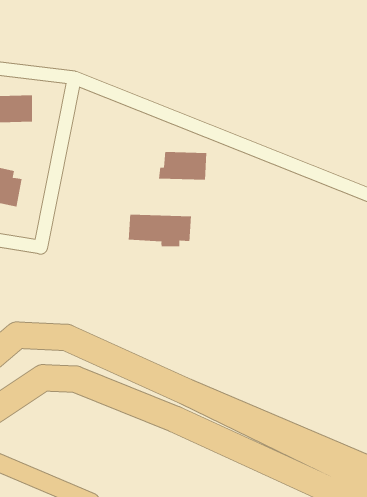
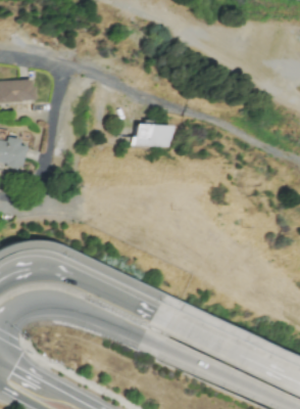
building: [128,214,191,247] -> none

